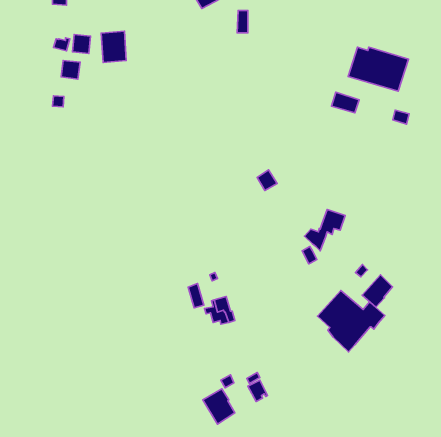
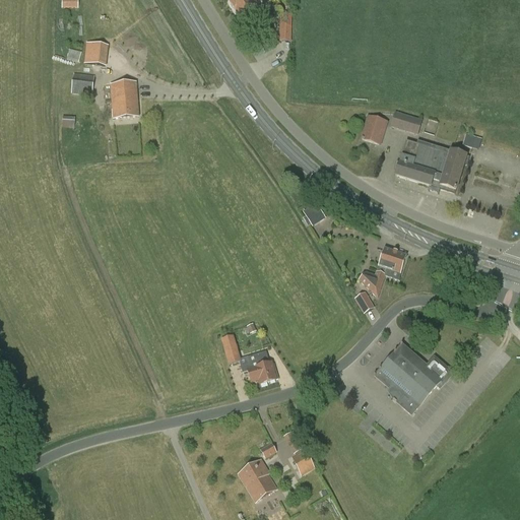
building: [101,31,126,62] -> [110,79,139,116]
building: [348,47,408,91] -> [395,140,466,192]
building: none -> [360,113,388,143]
building: [362,275,393,307] -> none

